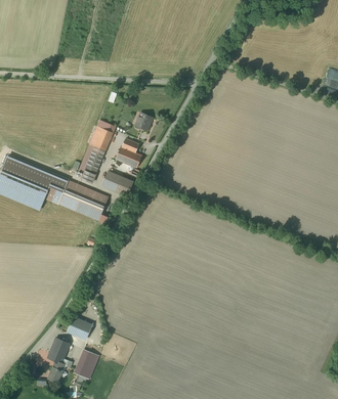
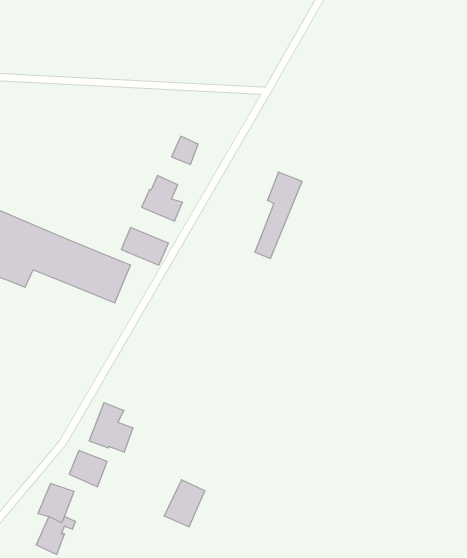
building: [82,126,113,182] -> [255,172,302,258]
building: none -> [89,403,133,452]
building: [74,349,100,380] -> [164,480,205,527]

